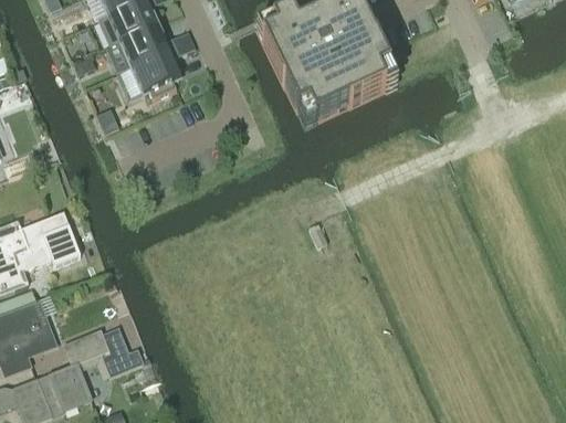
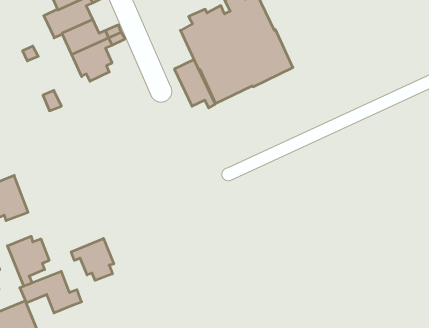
building: none -> [175,59,215,108]
building: none -> [7,236,49,286]
building: none -> [71,238,114,280]

